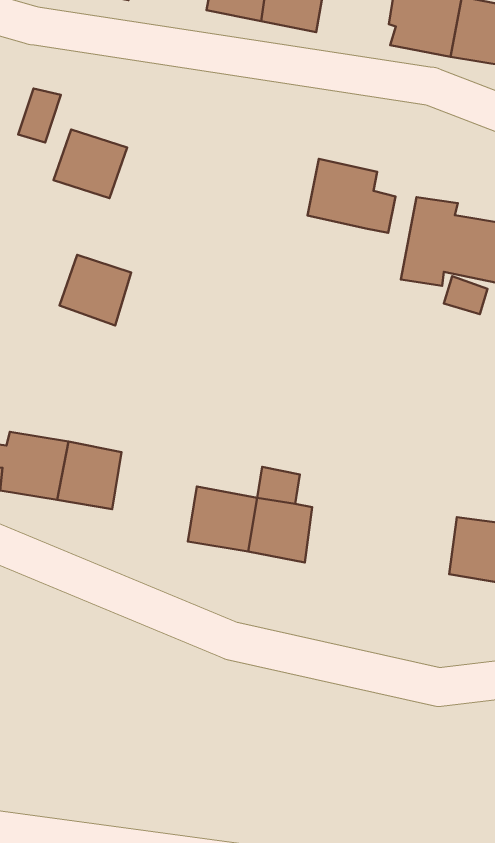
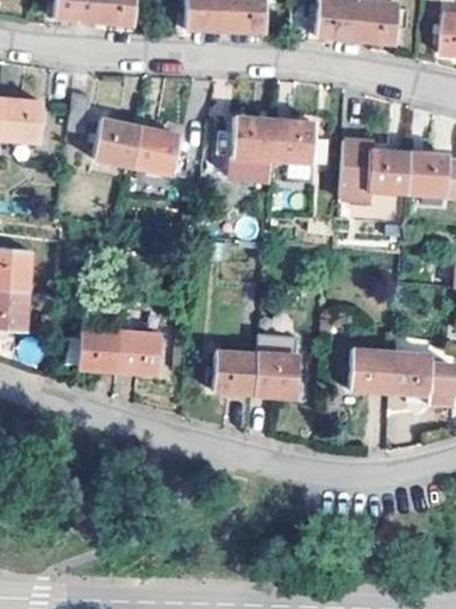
building: none -> [230,117,274,180]
building: [60,255,131,325] -> [135,126,181,171]
building: none -> [350,350,393,393]

